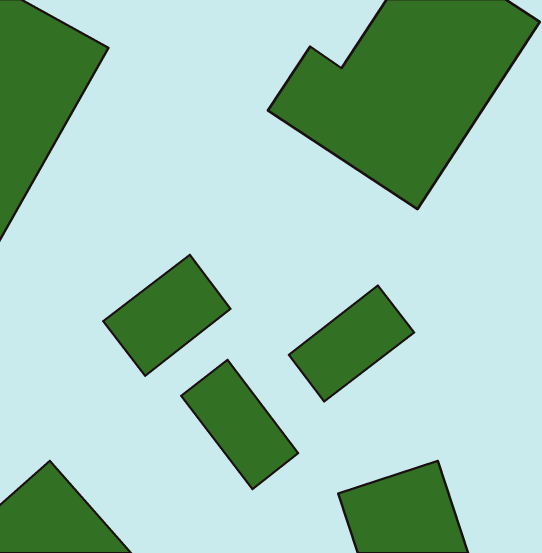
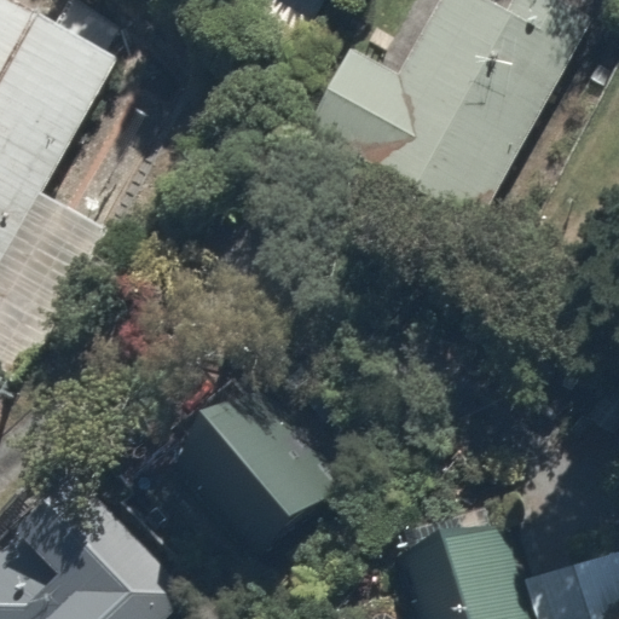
building: [103,255,231,376] -> none
building: [289,285,414,402] -> none

